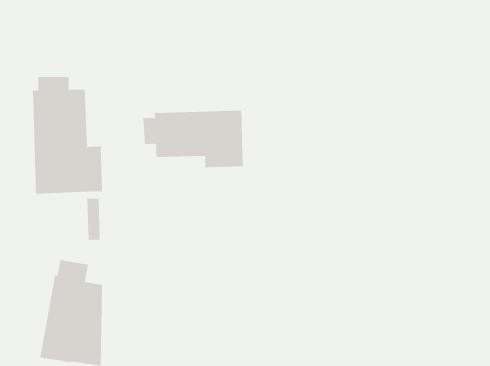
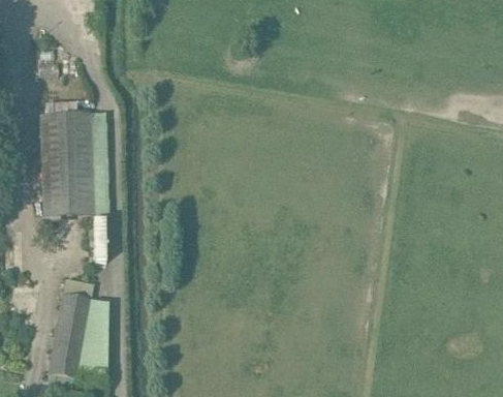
building: [143,110,244,168] -> none

